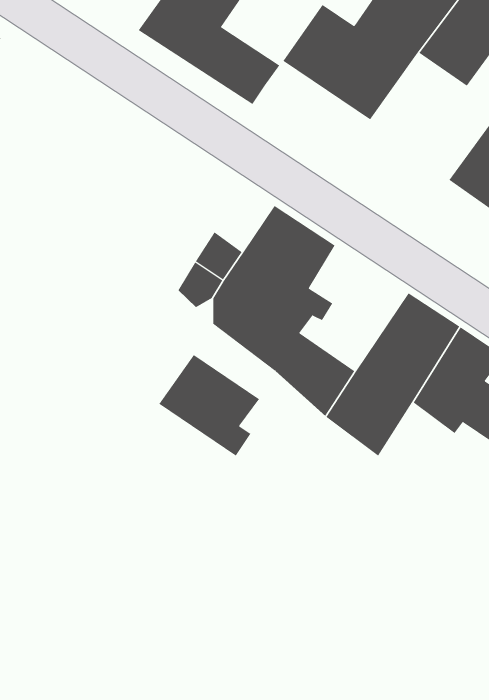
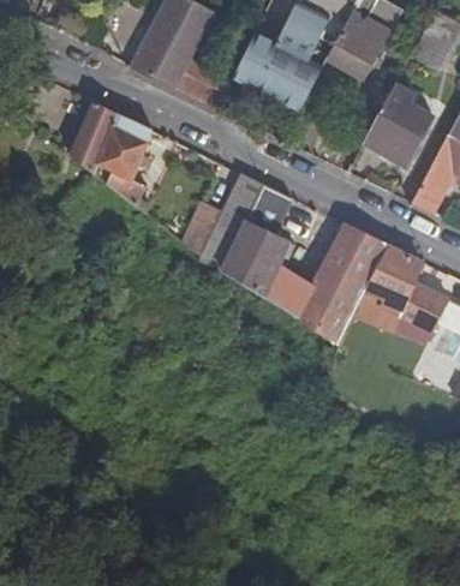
building: none -> [72,103,159,220]
building: [158,354,260,456] -> none

